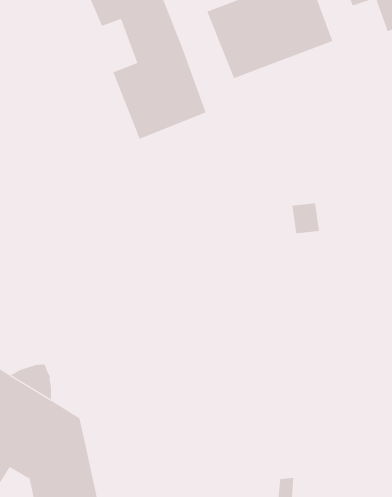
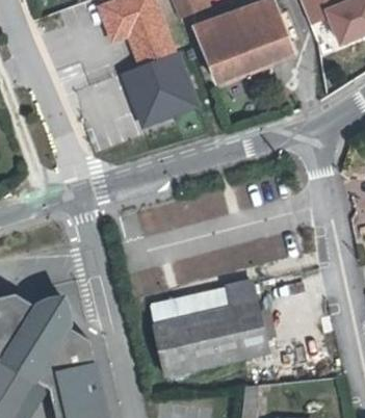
building: none -> [153,285,268,374]

